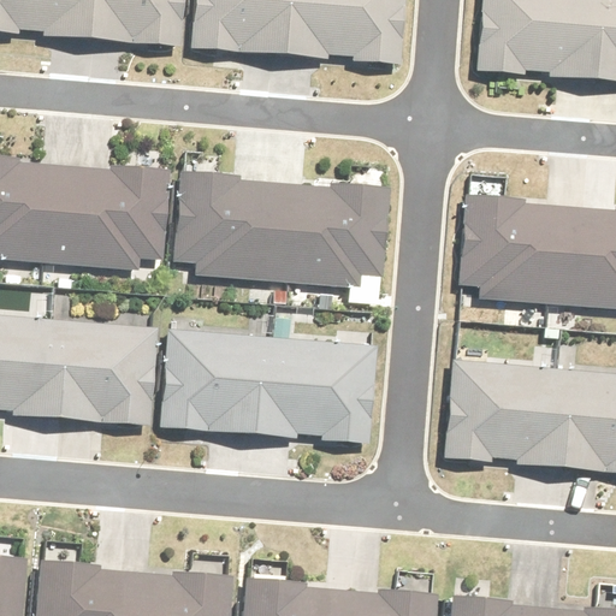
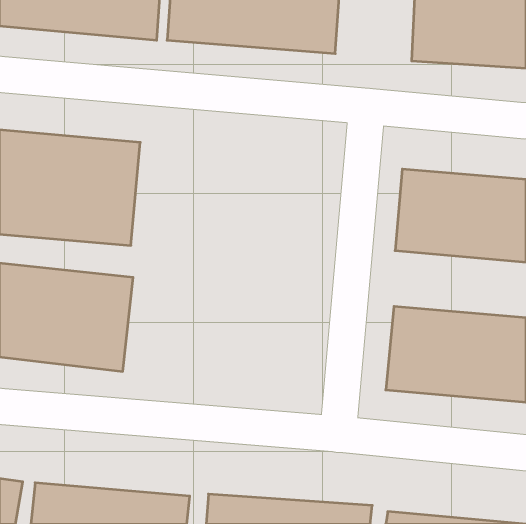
building: [172,170,391,301] -> none
building: [164,324,383,446] -> none

